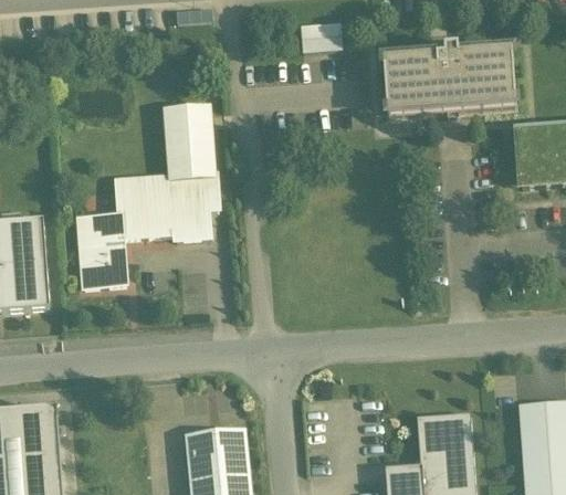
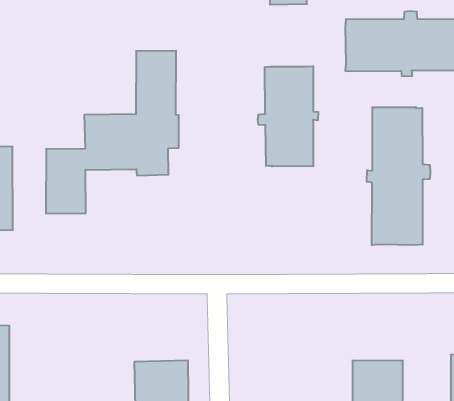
building: none -> [258,66,318,167]
building: none -> [367,107,430,245]

